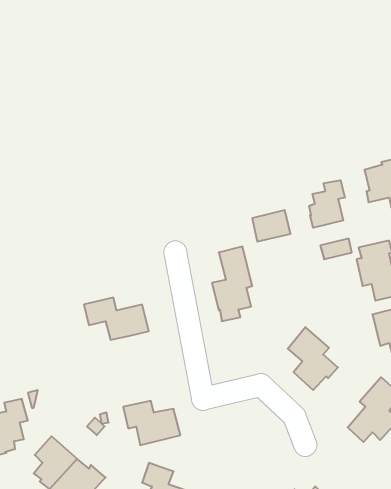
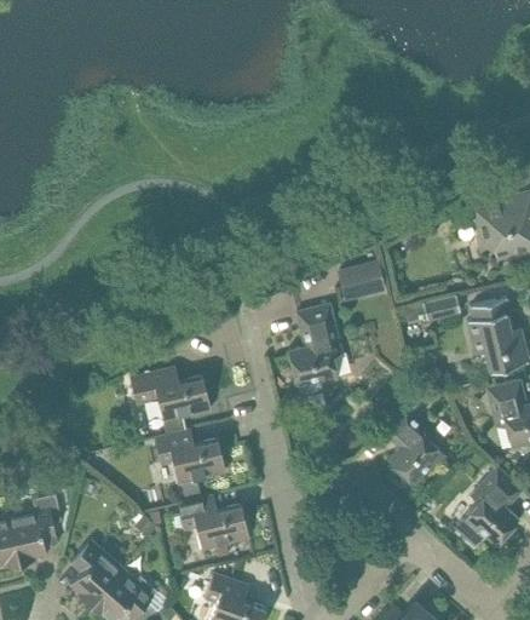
building: [309,180,345,228] -> none
building: none -> [156,432,225,496]

